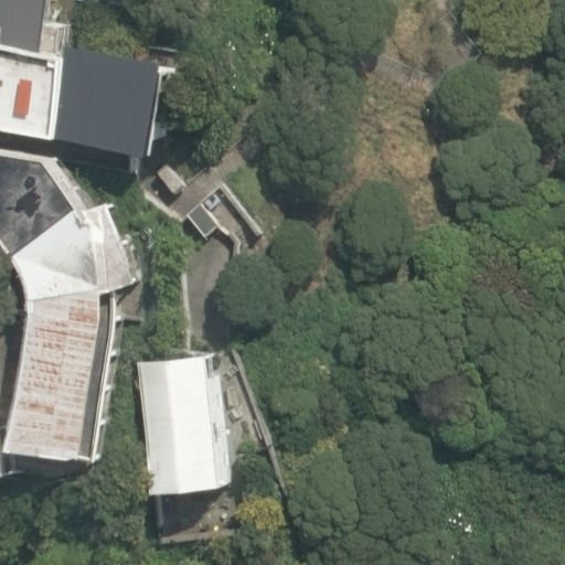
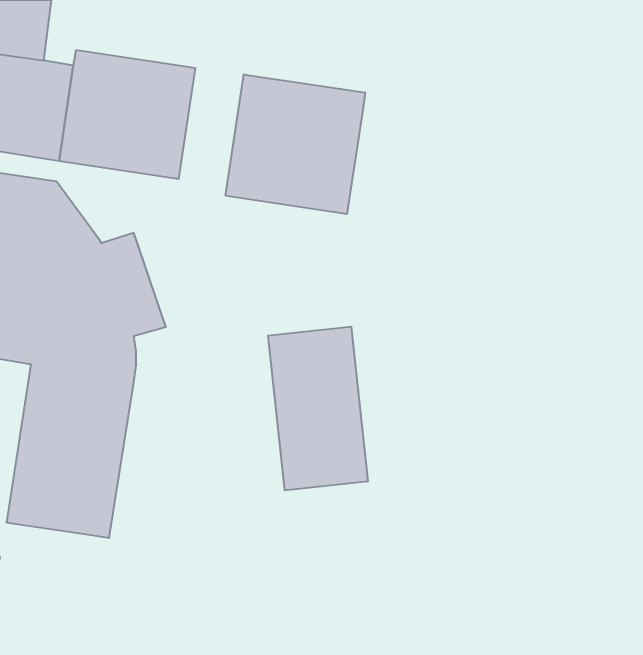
building: none -> [226,74,365,214]
building: [134,355,220,495] -> [268,327,368,490]

